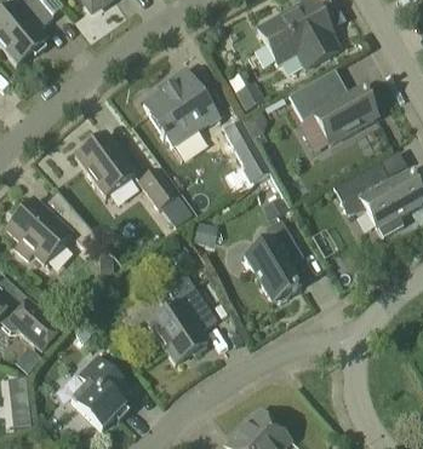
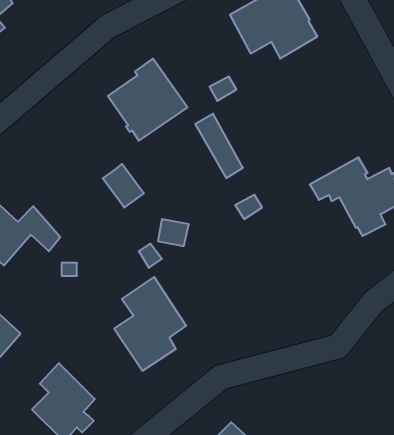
building: [296,87,377,144] -> none
building: [75,133,136,197] -> none
building: [245,220,302,301] -> none

